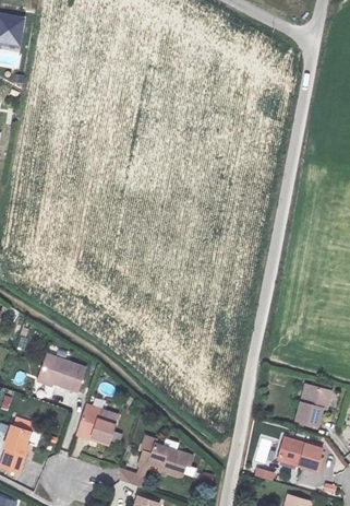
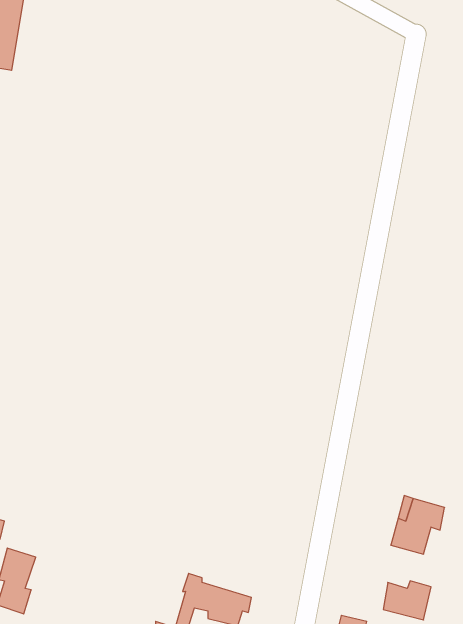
building: [37,354,83,387] -> none
building: [77,402,119,440] -> none

